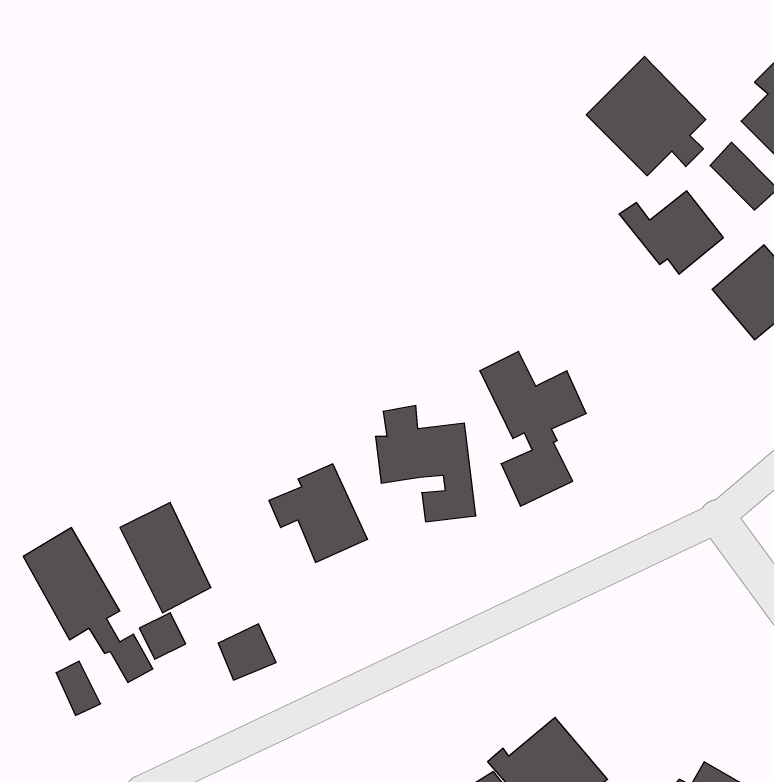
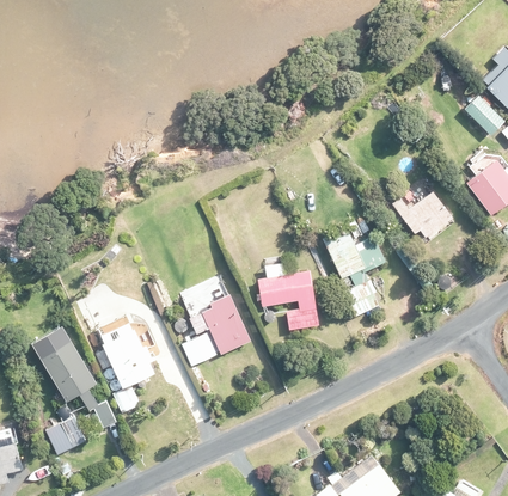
building: [586,56,706,176] -> none
building: [619,191,723,274] -> [390,190,454,241]
building: [218,624,276,680] -> [179,332,215,367]

